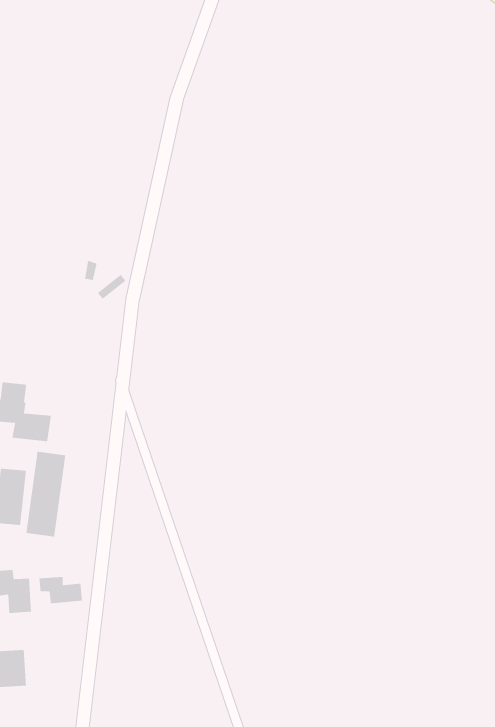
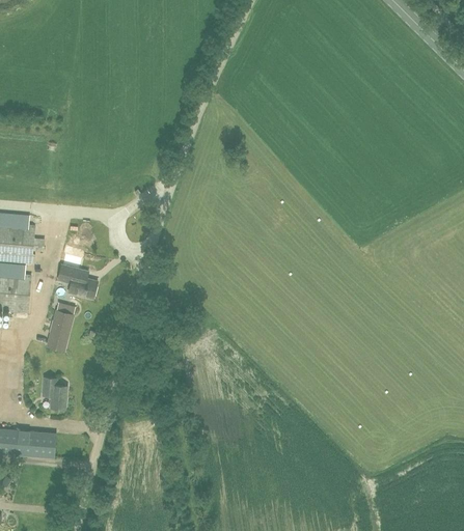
building: [25,451,66,537] -> none
building: [39,576,83,604] -> none

